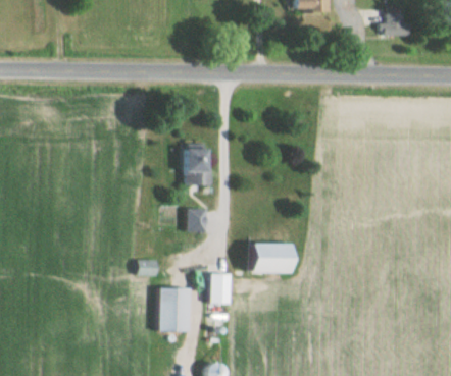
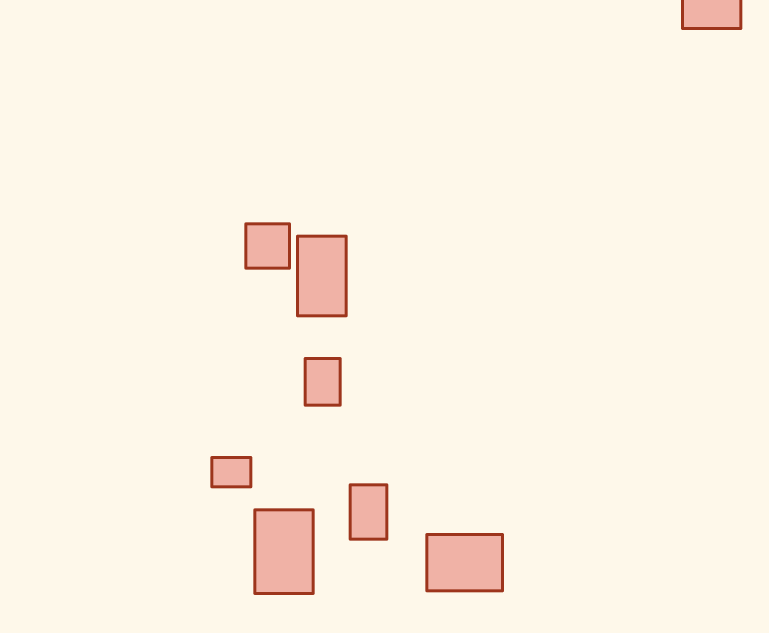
building: none -> [246,224,289,268]
building: [245,244,285,273] -> [427,535,503,591]

